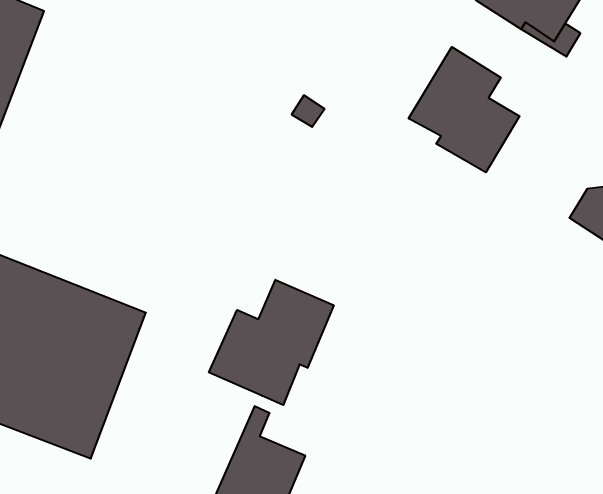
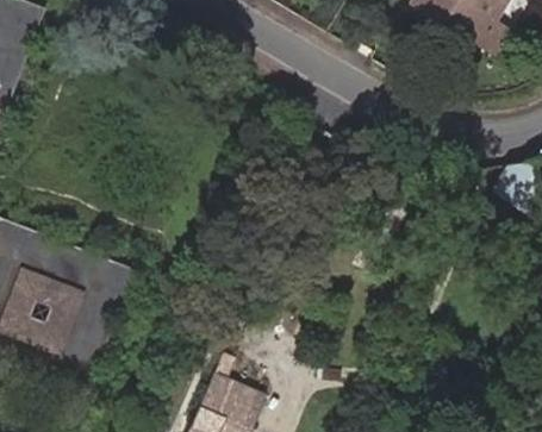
building: [409,47,520,172] -> none
building: [209,280,334,405] -> none

